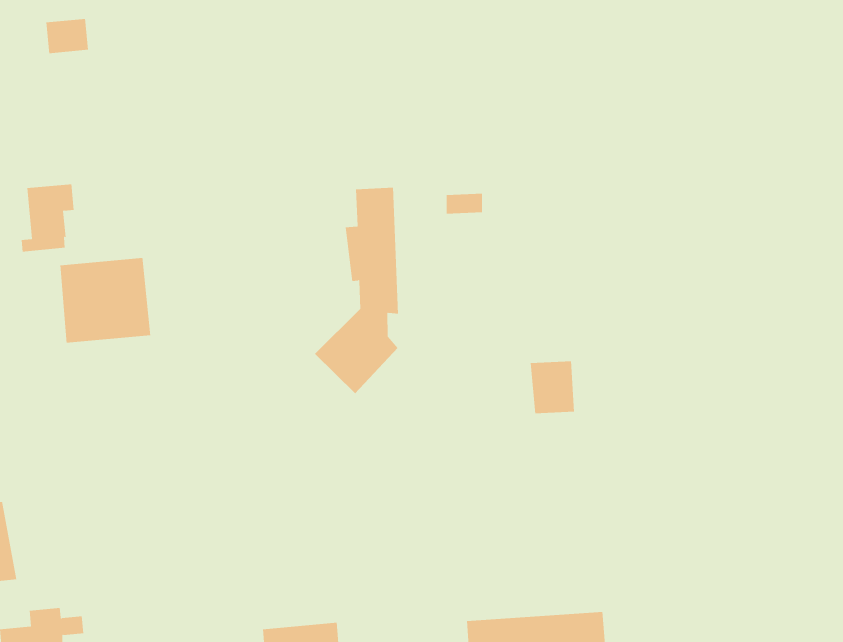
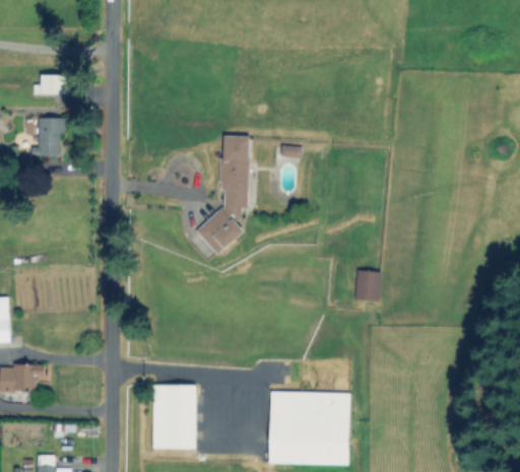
building: [46,18,89,54] -> [42,75,65,93]
building: [60,257,151,344] -> none
building: [530,361,575,414] -> [354,270,379,300]

